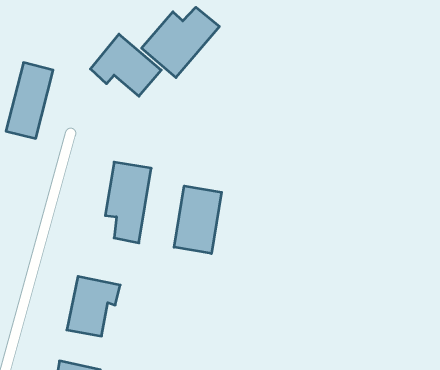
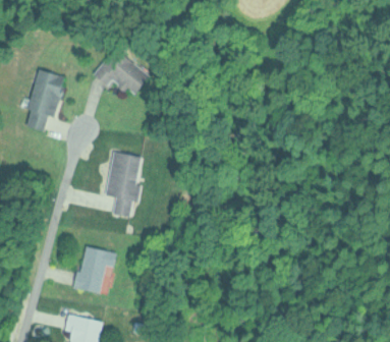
building: [142,7,219,78] -> none
building: [174,186,222,254] -> none

